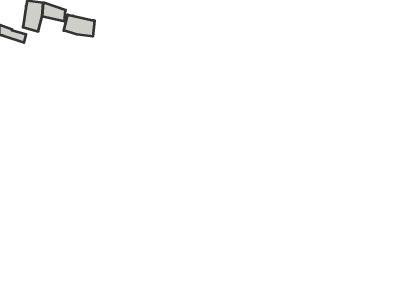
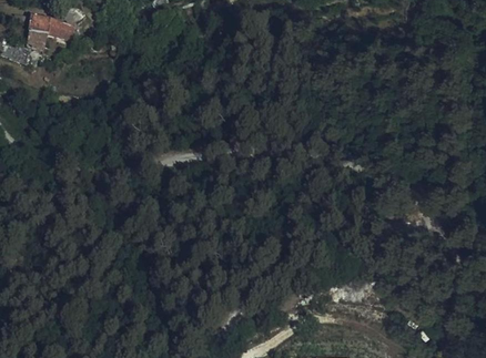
building: [64,15,95,36] -> none

